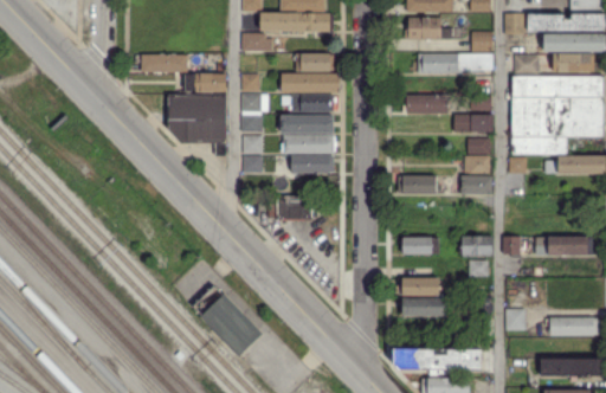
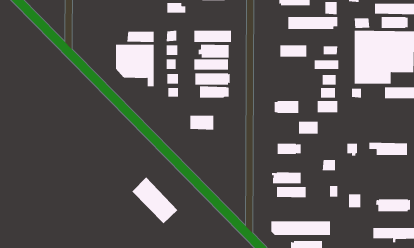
building: [297,53,334,71] -> none
building: [142,54,191,71] -> none
building: [463,236,492,255] -> [298,121,319,134]

